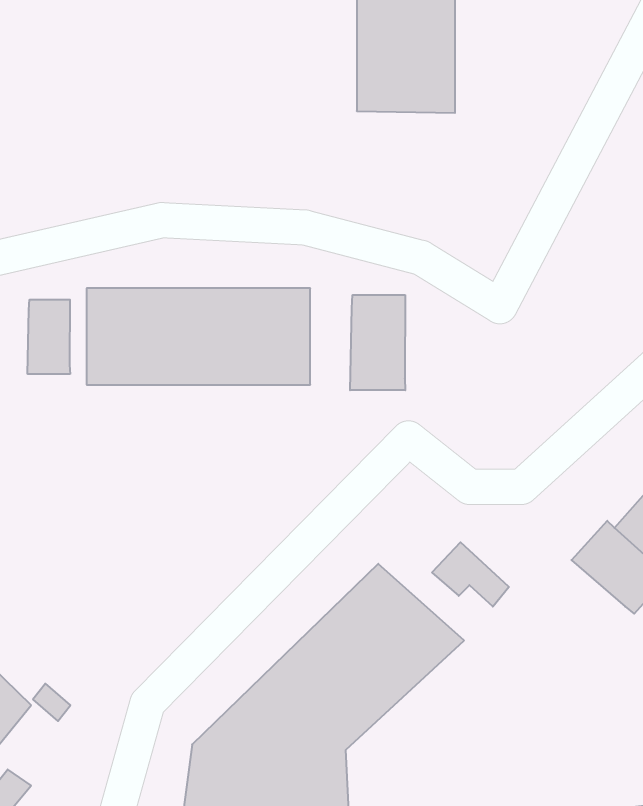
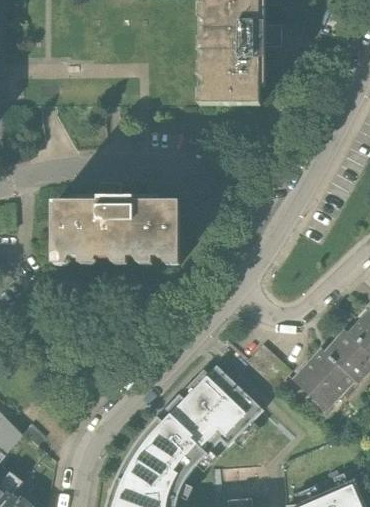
building: [350,295,405,390] -> none
building: [28,300,70,374] -> none
building: none -> [292,351,353,412]

